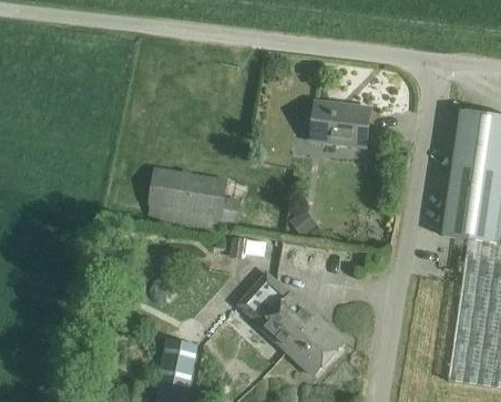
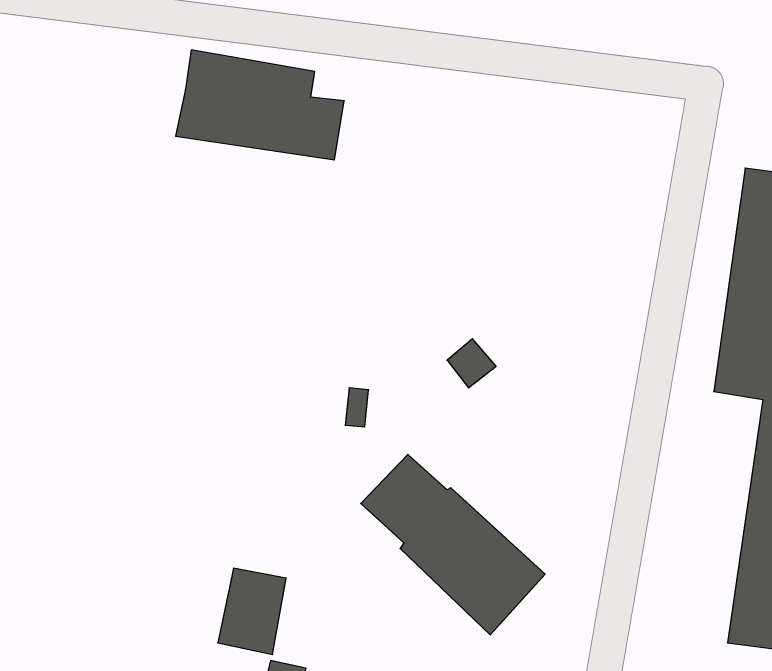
building: [311,102,371,146] -> none
building: [147,168,243,230] -> [176,50,344,160]

